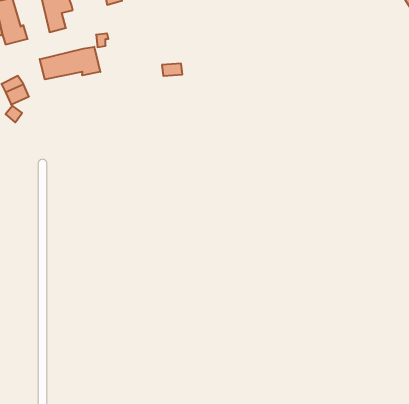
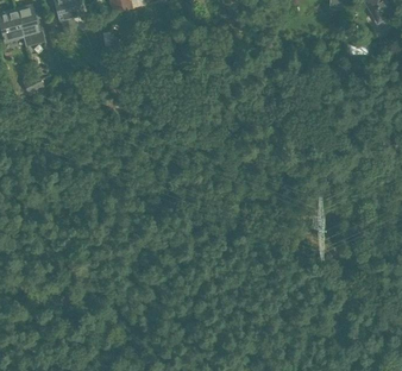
building: [40,47,100,79] -> none

